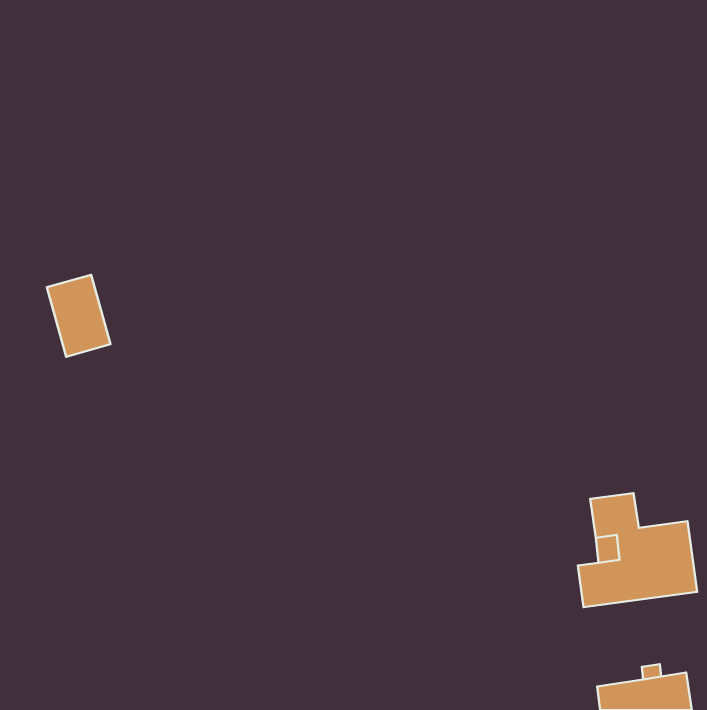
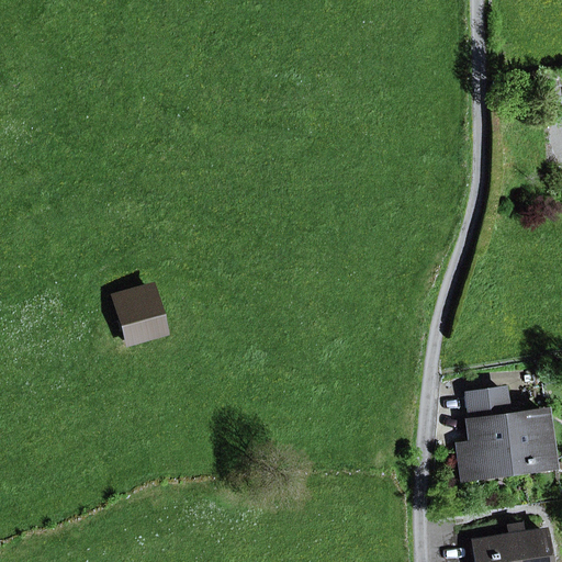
building: [47,275,111,357] -> [111,277,161,341]

